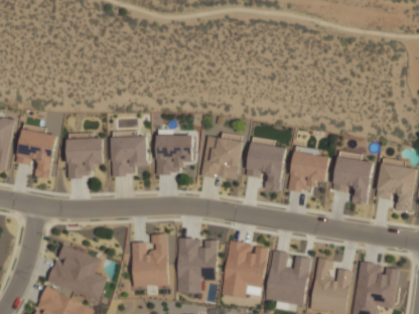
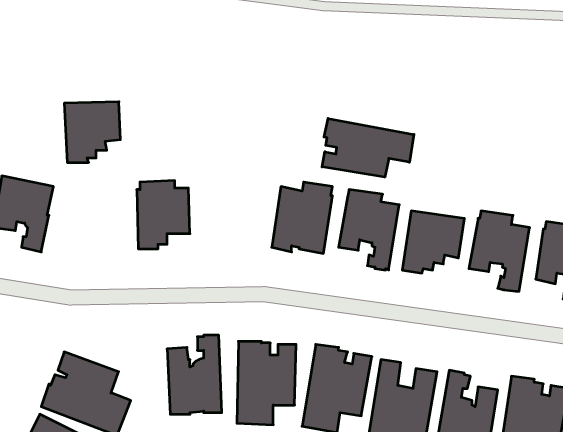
building: none -> [322,118,414,177]
building: [156,135,191,174] -> none
building: [66,138,104,178] -> [64,102,120,162]

